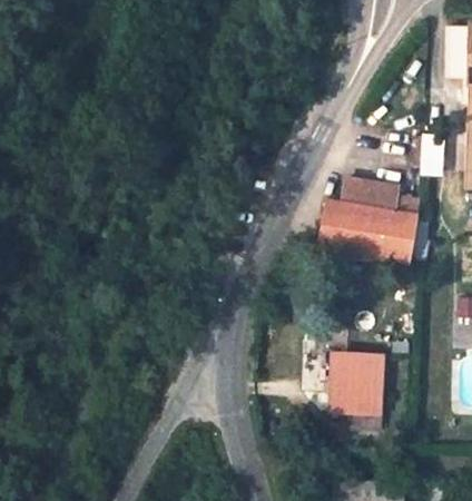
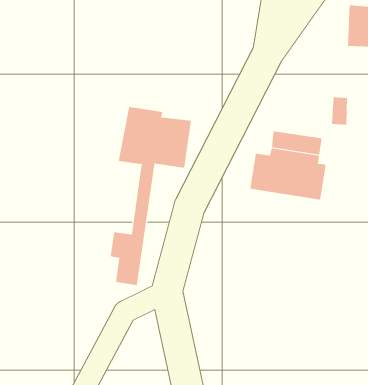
building: none -> [110,106,191,286]
building: [330,353,387,429] -> none

